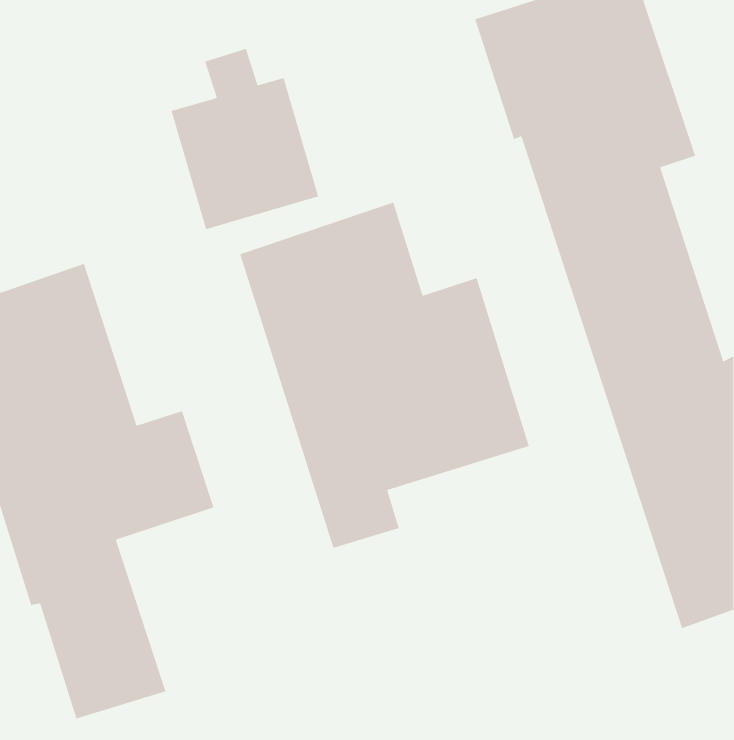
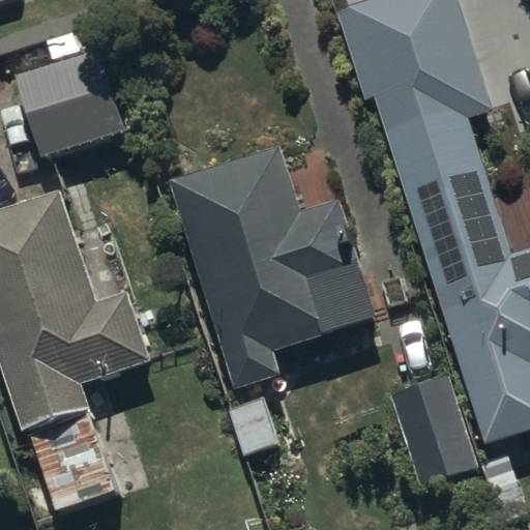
building: [170,48,319,230] -> [18,28,123,157]
building: none -> [389,375,478,488]

